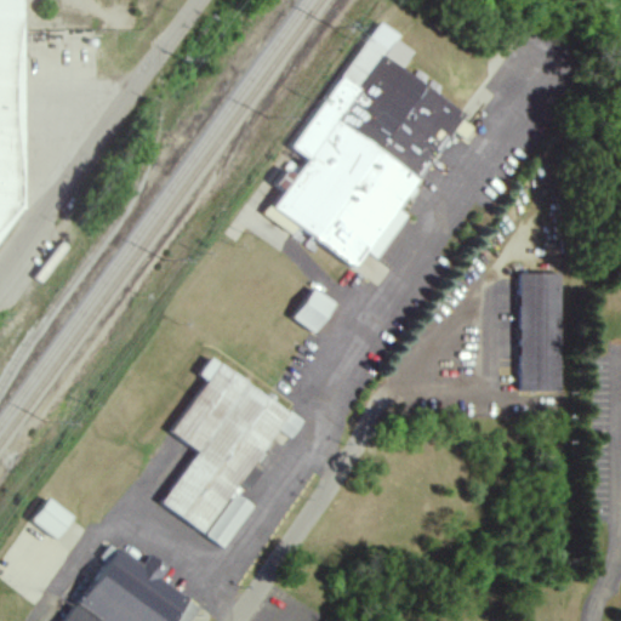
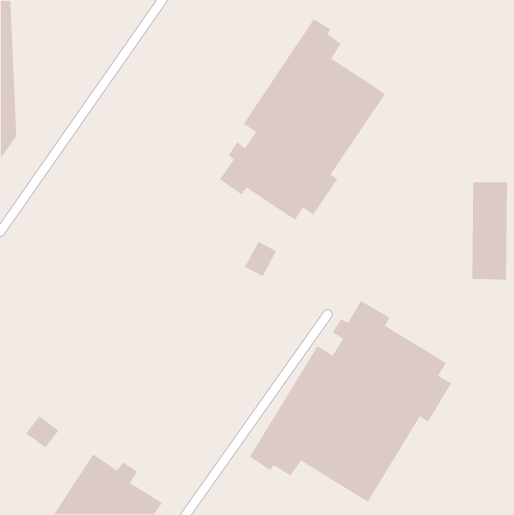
building: [518,274,562,393] -> [472,182,508,280]
building: [160,360,303,547] -> none
building: none -> [249,300,452,503]

